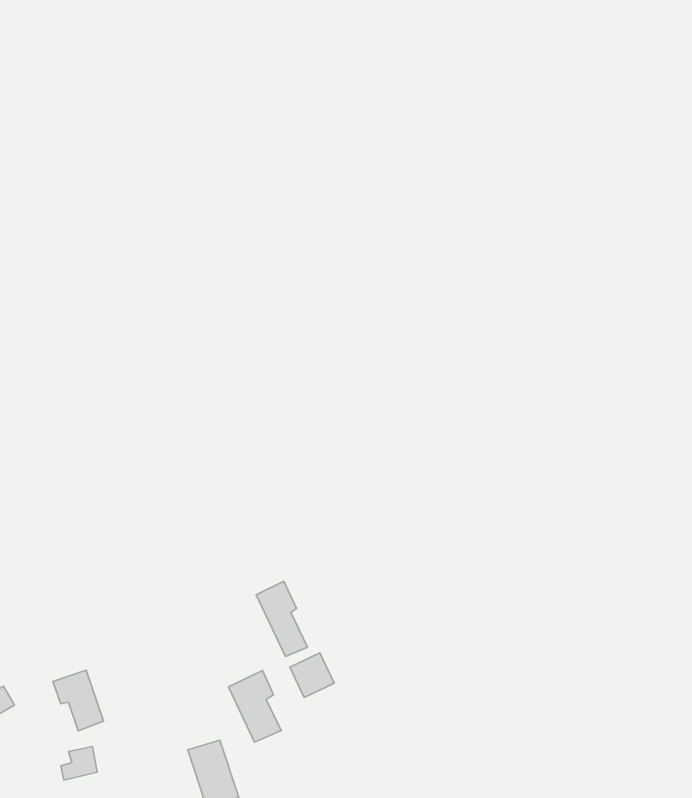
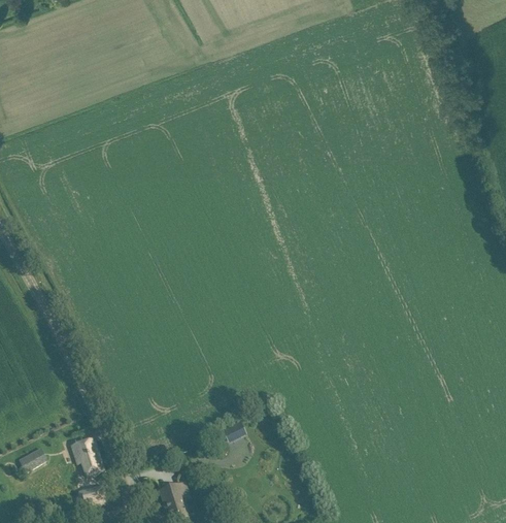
building: [256,581,308,657] -> none
building: [228,670,281,742] -> none

